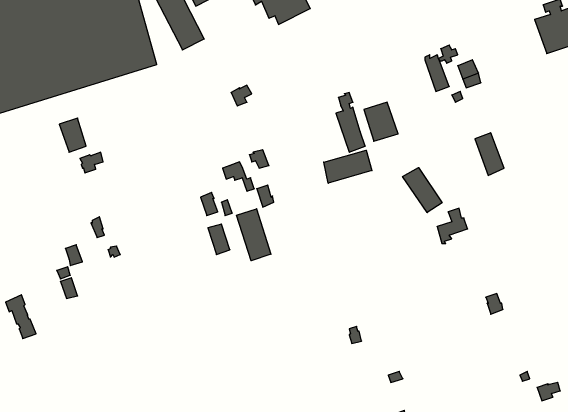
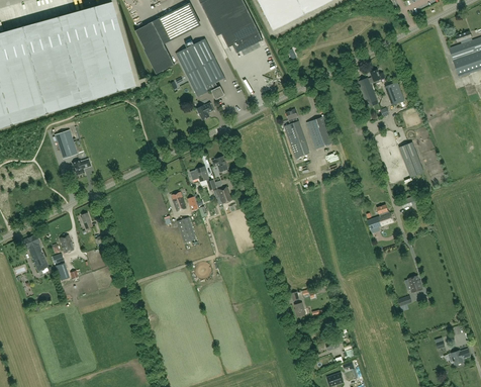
building: none -> [176,39,225,100]
building: [324,150,372,183] -> none
building: [403,168,442,213] -> none
building: [237,209,271,261] -> none
building: [6,295,36,339] -> [23,234,49,271]

